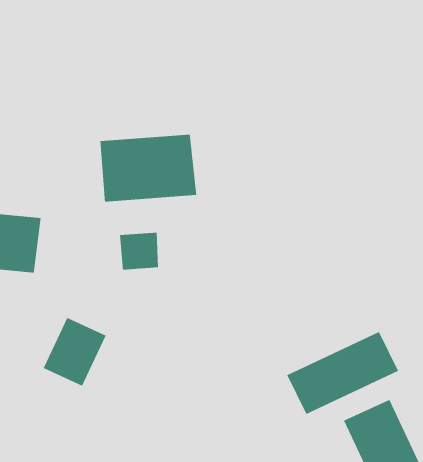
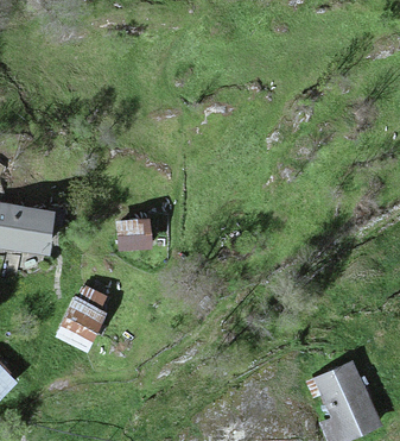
building: [100,134,197,202] -> none
building: [286,331,399,415] -> none

